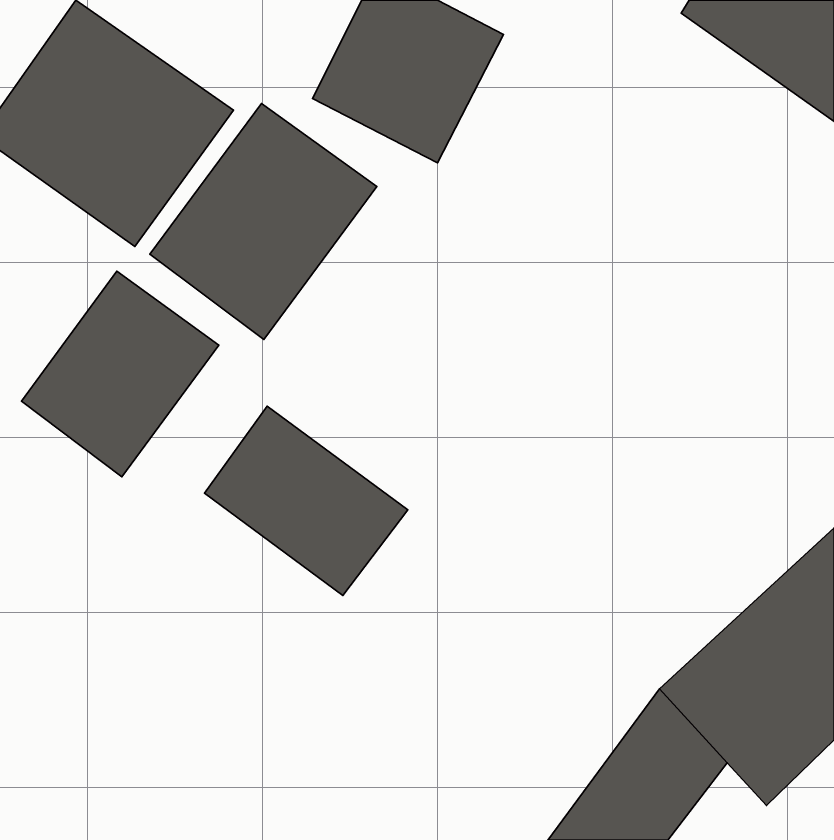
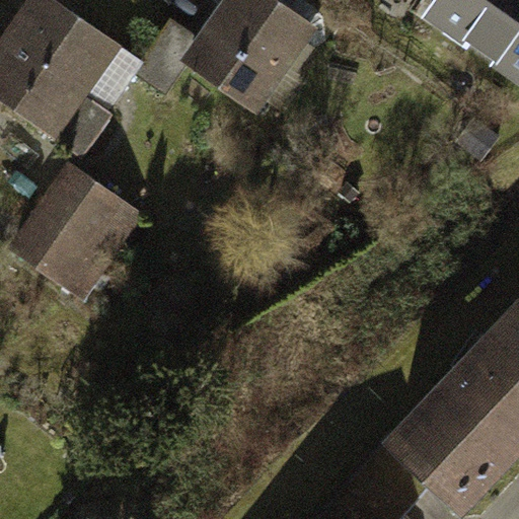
building: [150,103,377,339] -> none
building: [204,406,408,596] -> none

